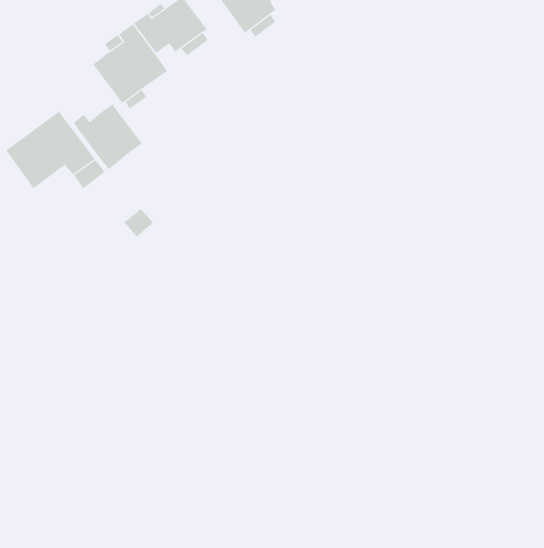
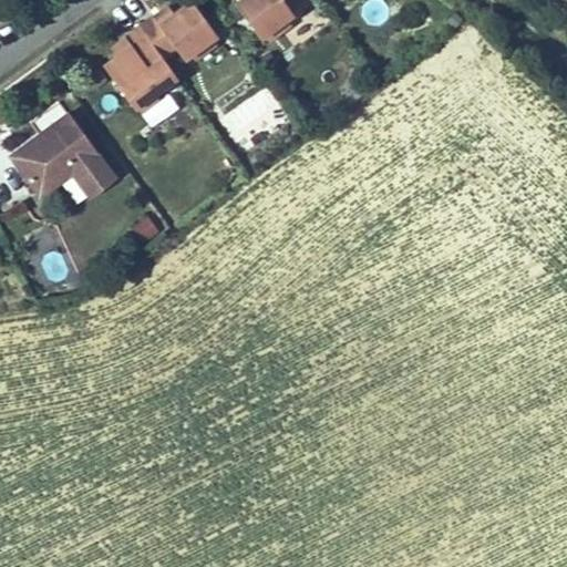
building: [73,103,142,170] -> none

